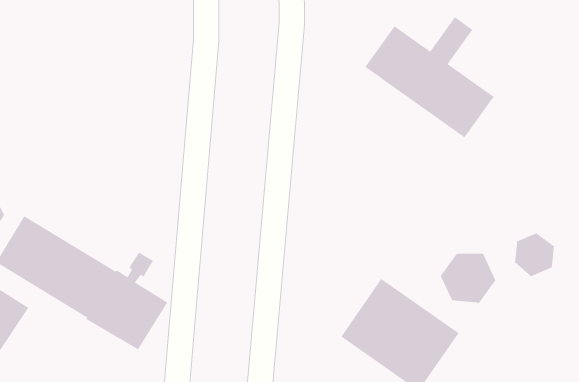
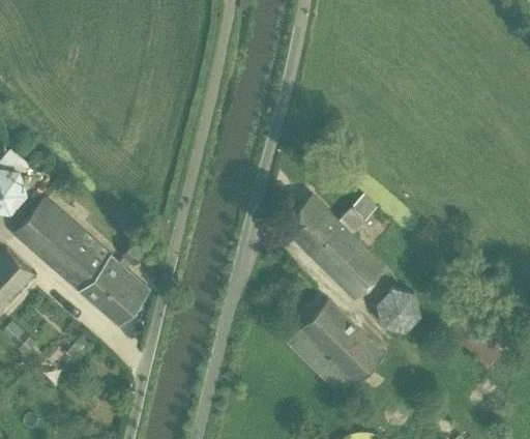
building: [365,17,494,138] -> [283,195,385,297]
building: [514,233,554,277] -> none

